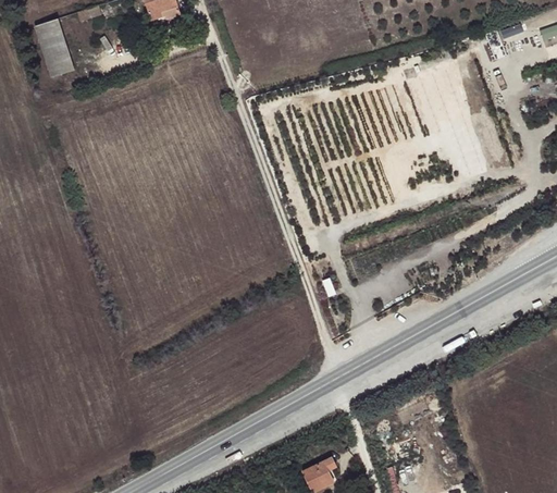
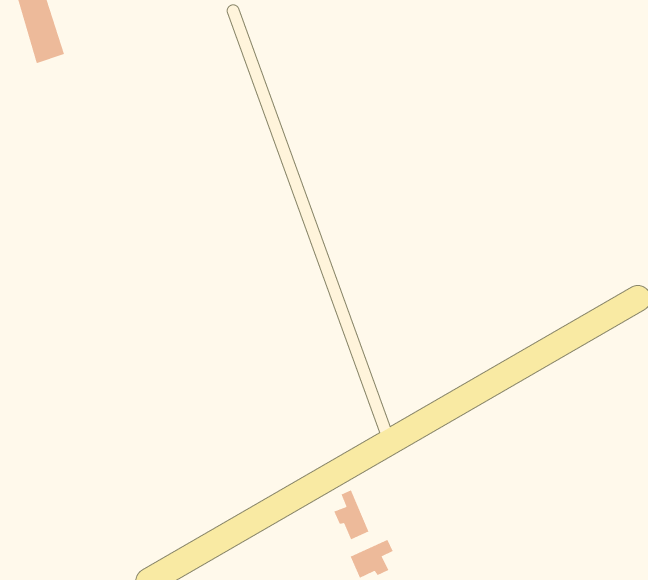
building: none -> [334,490,369,540]

